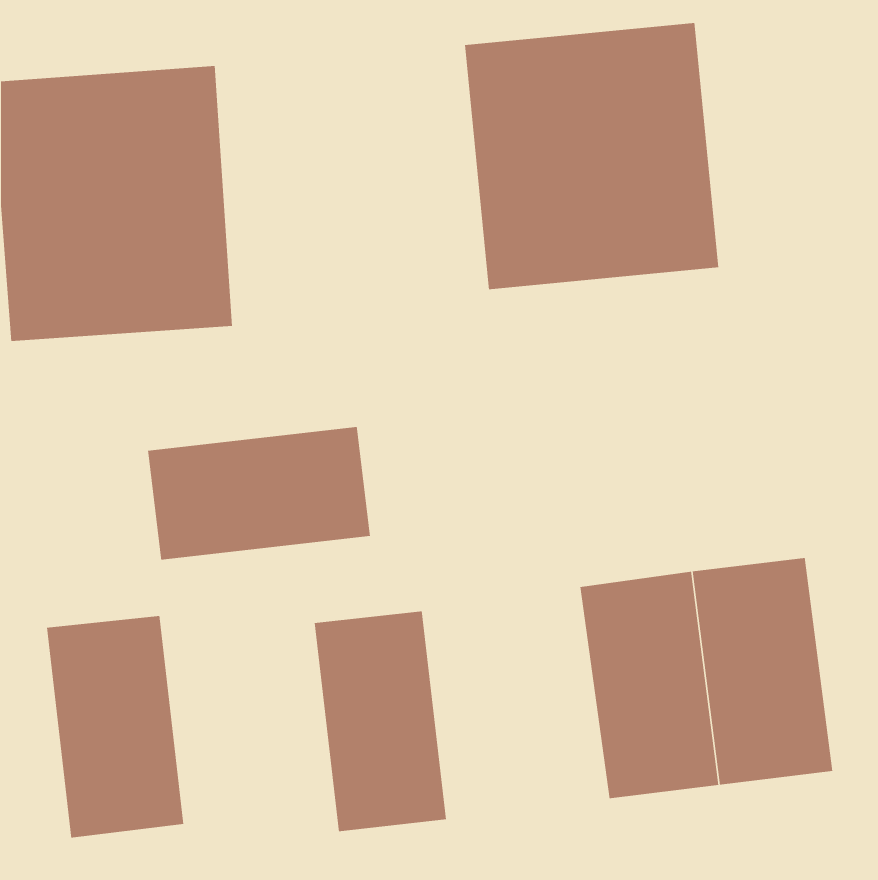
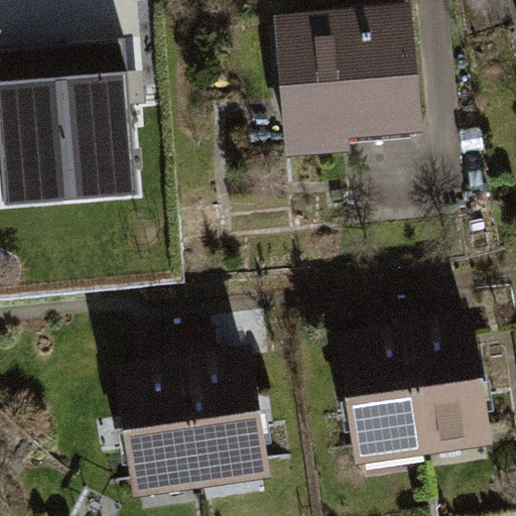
building: [148,426,370,560] -> none
building: [46,615,184,838] -> [119,365,200,495]

